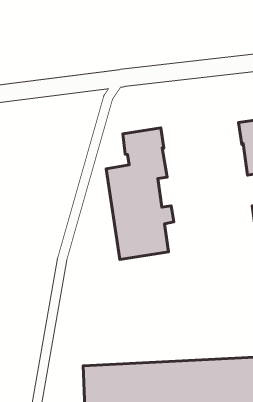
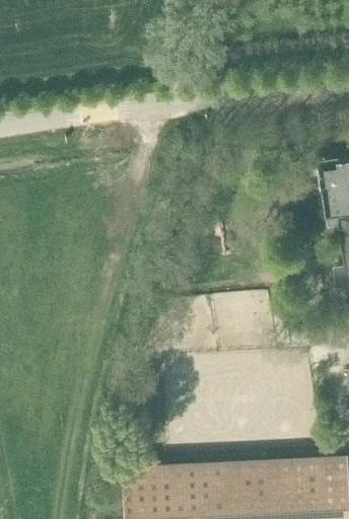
building: [106,128,174,260] -> none

